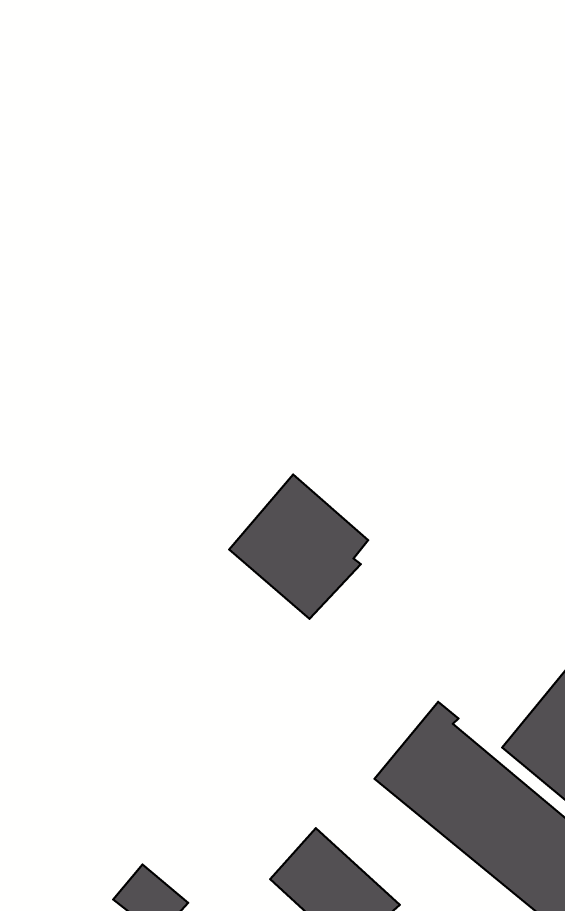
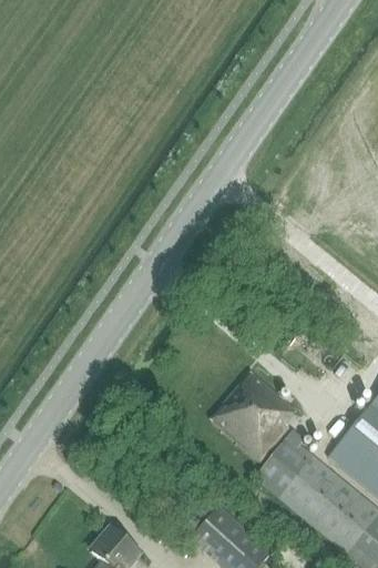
building: [229,474,368,619] -> [211,372,295,459]

